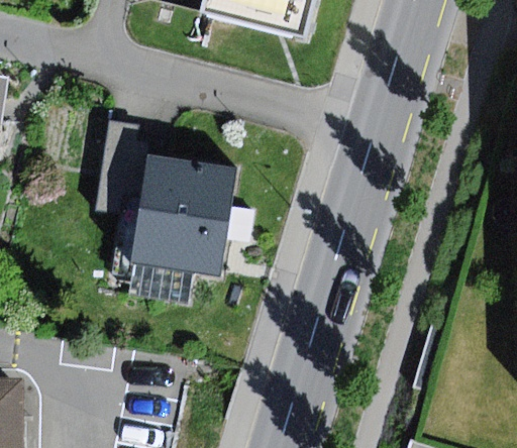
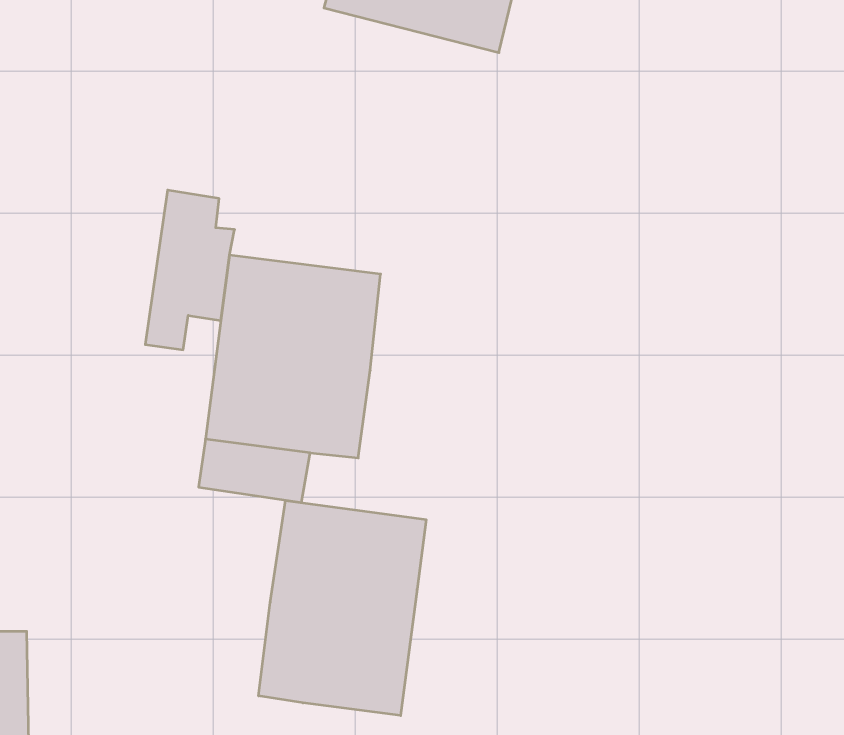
building: none -> [259,500,426,716]

